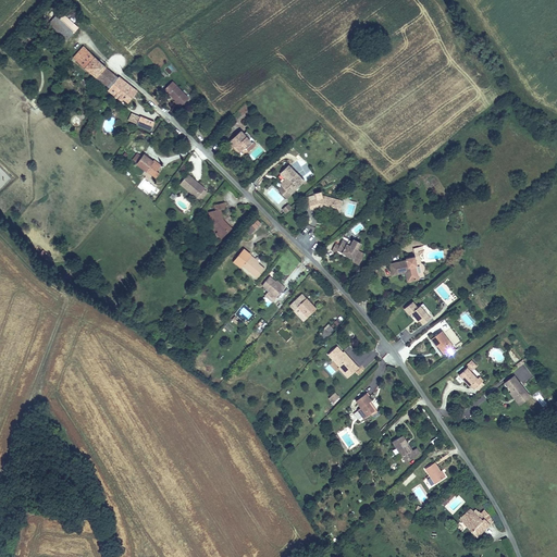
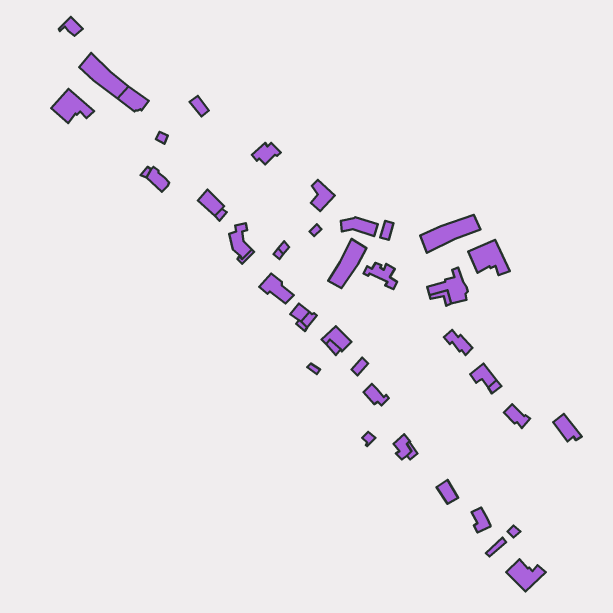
building: none -> [51,89,94,123]
building: none -> [420,215,480,253]
building: none -> [328,239,367,288]
building: none -> [468,240,510,275]

